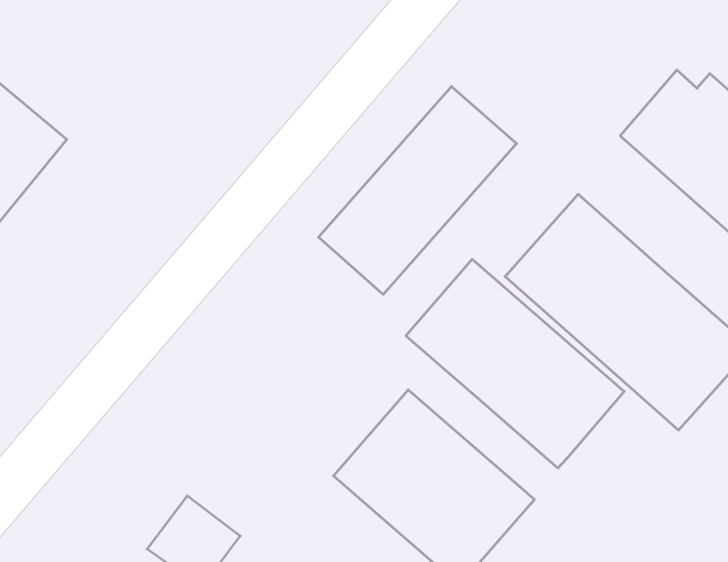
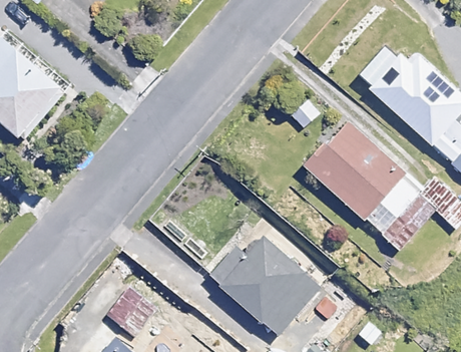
building: [318,86,517,294] -> none
building: [406,259,624,468] -> none

